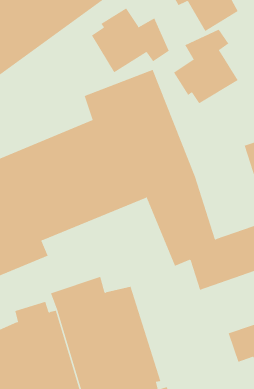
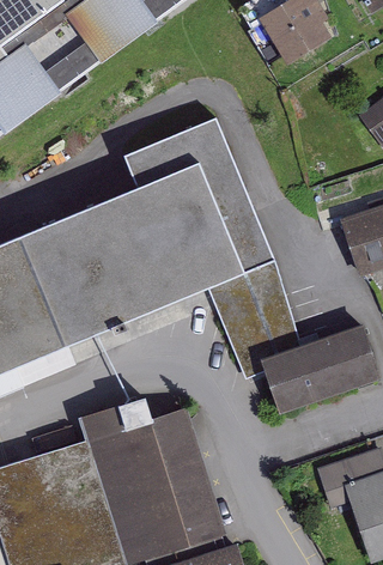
building: [91,8,170,73] -> none
building: [173,29,238,104] -> none

